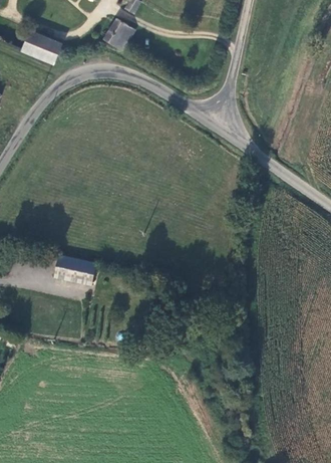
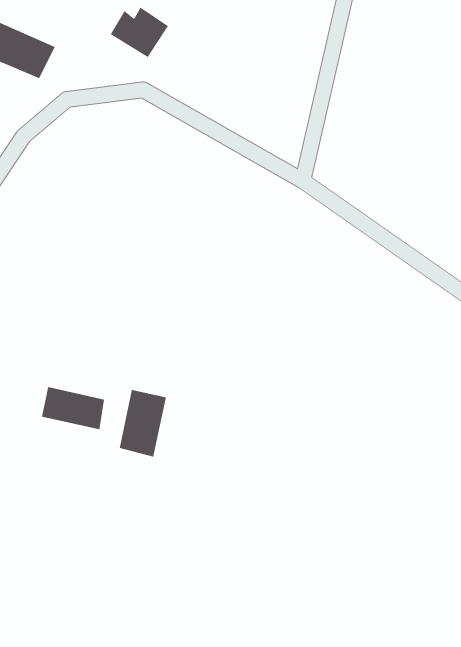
building: none -> [119,389,167,458]

